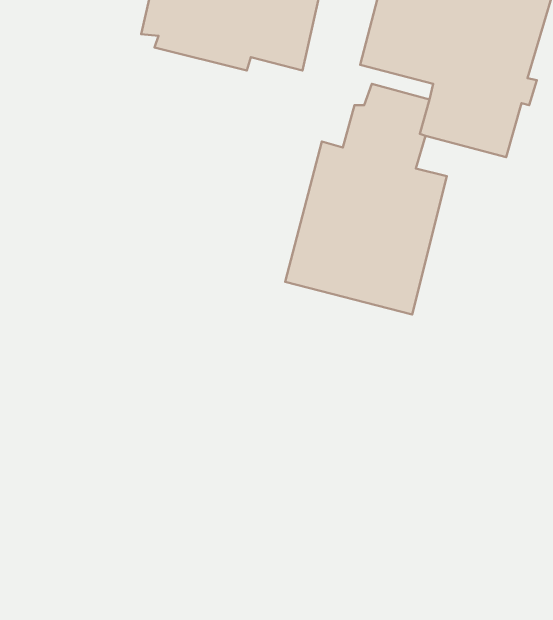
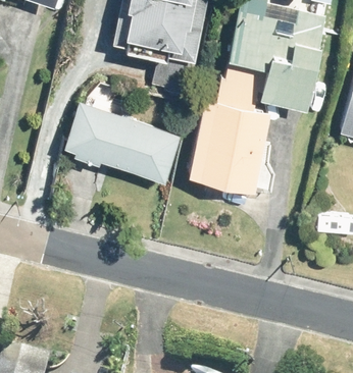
building: none -> [62,100,178,180]

